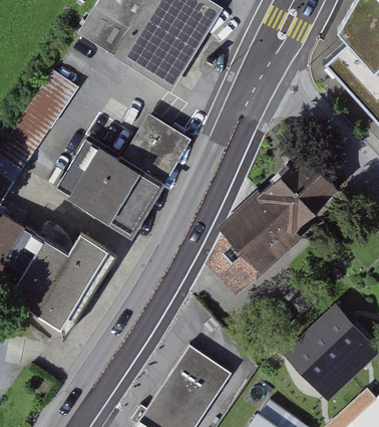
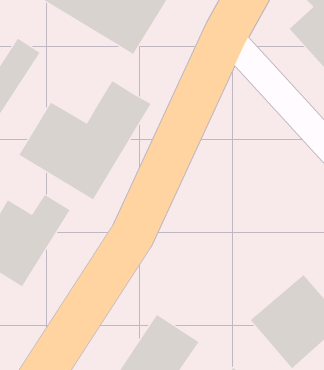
building: [207,154,337,296] -> none

